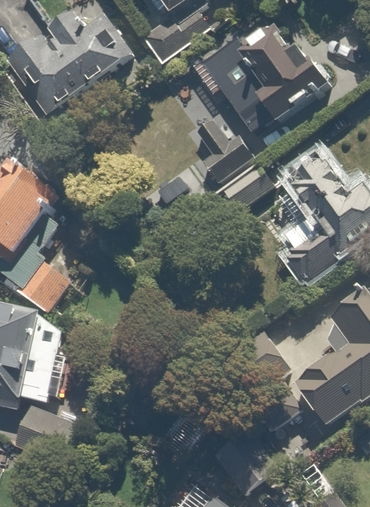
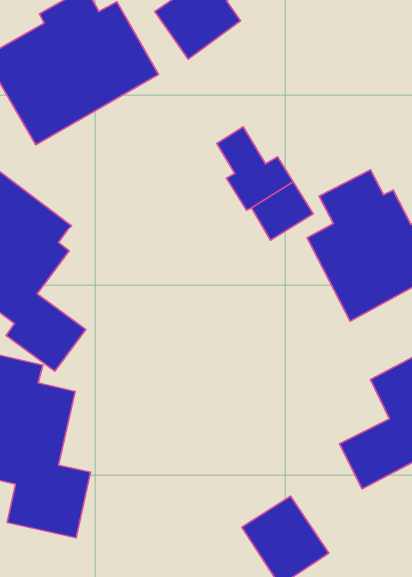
building: [192,10,343,129] -> none

